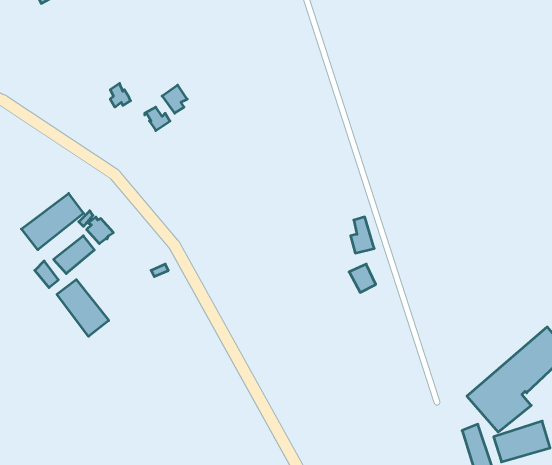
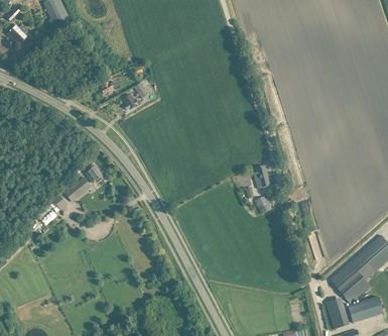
building: [21,193,84,250] -> none
building: [57,280,109,336] -> none

